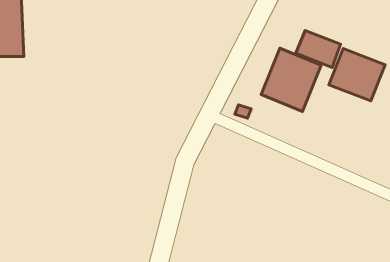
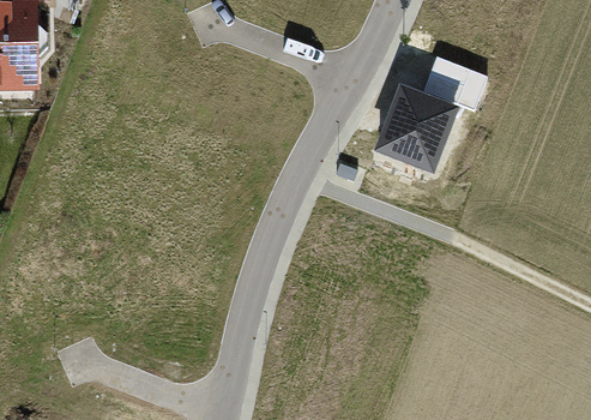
building: [329,49,385,101] -> none

